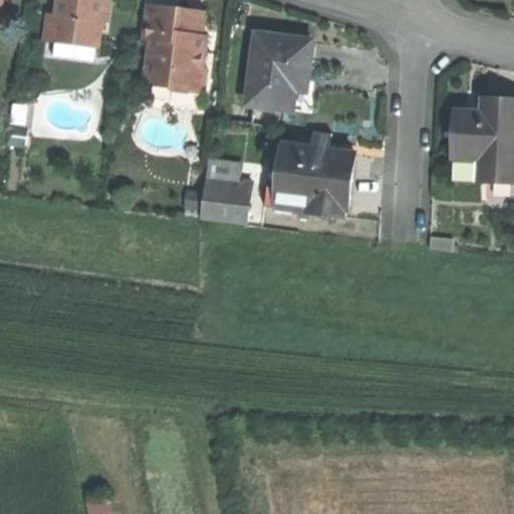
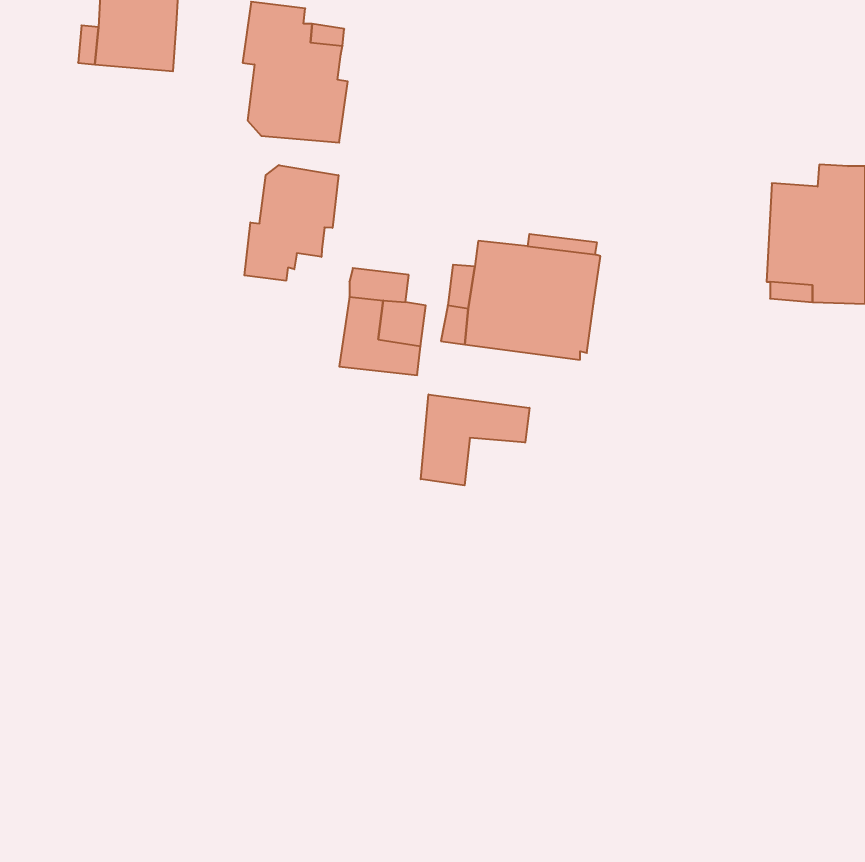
building: [248,32,312,107] -> none
building: none -> [244,165,338,281]
building: none -> [421,394,529,485]

